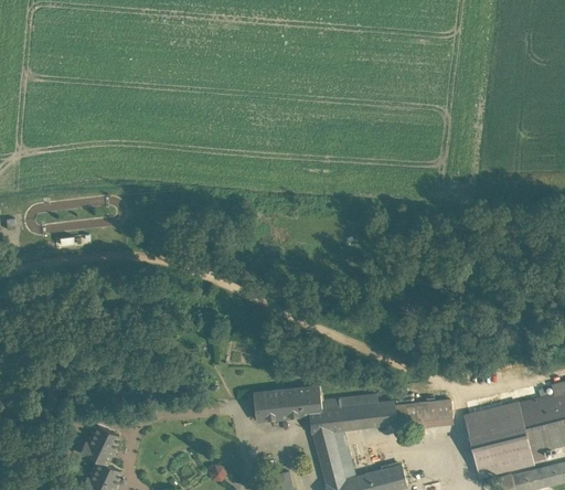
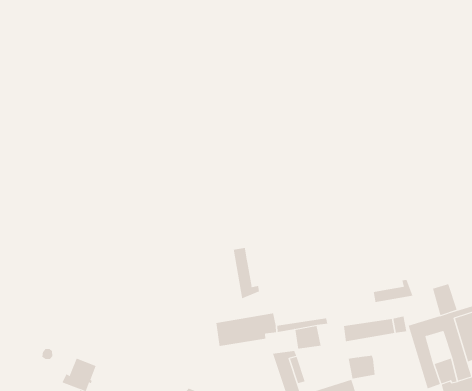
building: none -> [233,247,260,299]
building: none -> [373,279,413,303]
building: [366,402,396,427] -> [348,355,376,379]
building: [309,407,343,434] -> none
building: [487,418,513,454] -> [432,284,457,316]

